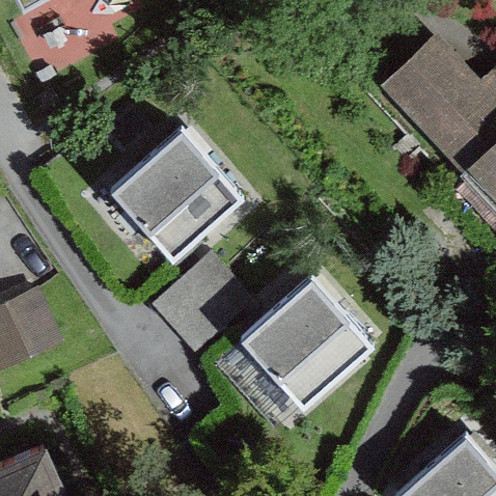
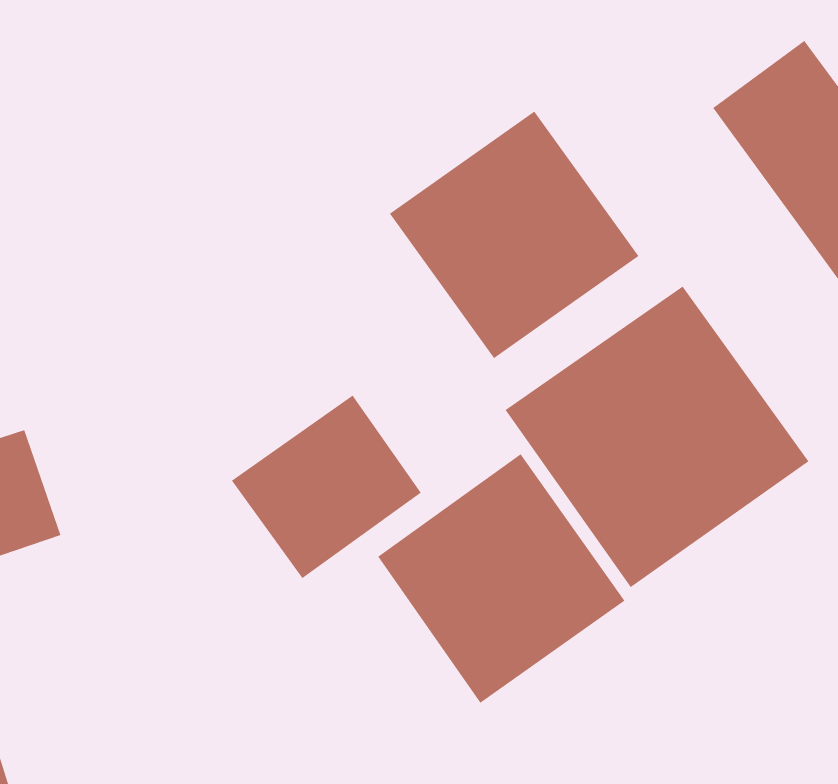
building: [108,127,243,260] -> [389,110,639,359]
building: none -> [505,285,809,588]

